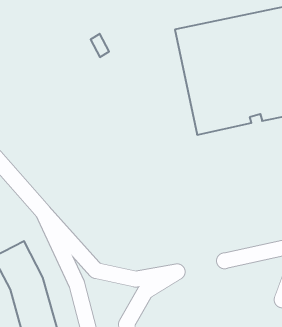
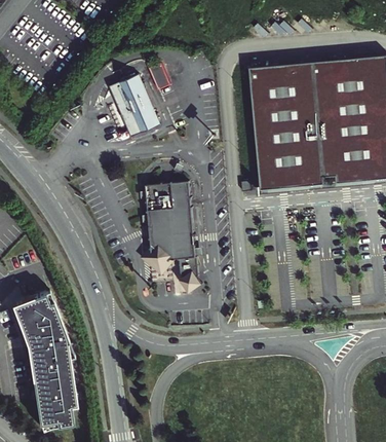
building: none -> [109,74,159,137]
building: none -> [143,184,199,295]

